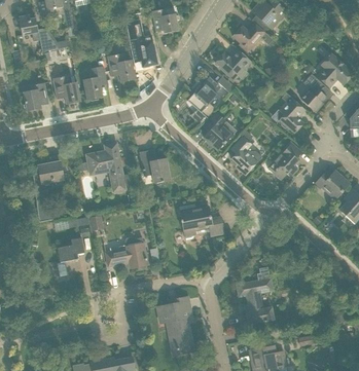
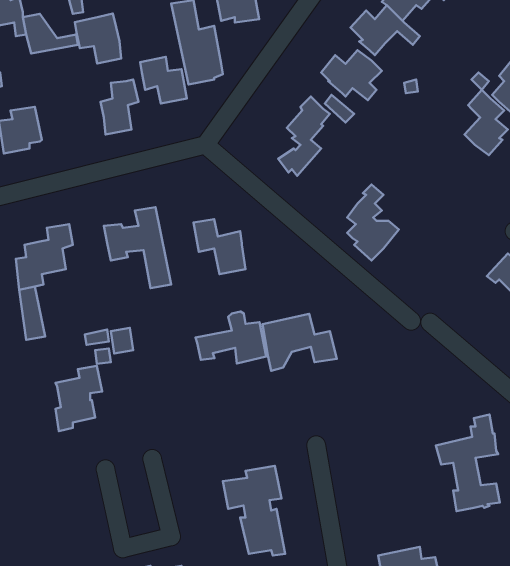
building: [52,74,80,104] -> [75,14,121,64]
building: [278,92,304,133] -> none
building: [203,112,234,150] -> none
building: [266,142,301,180] -> none
building: [105,237,147,268] -> [195,312,266,363]
building: [236,266,274,324] -> [436,415,500,511]

